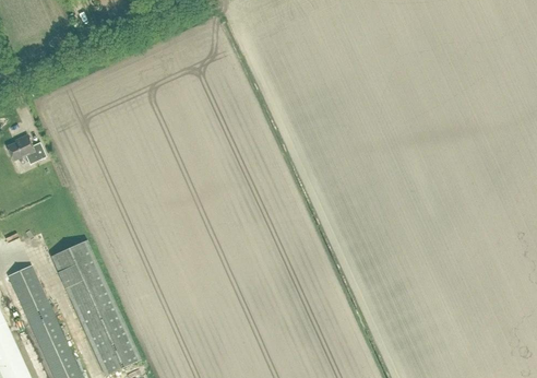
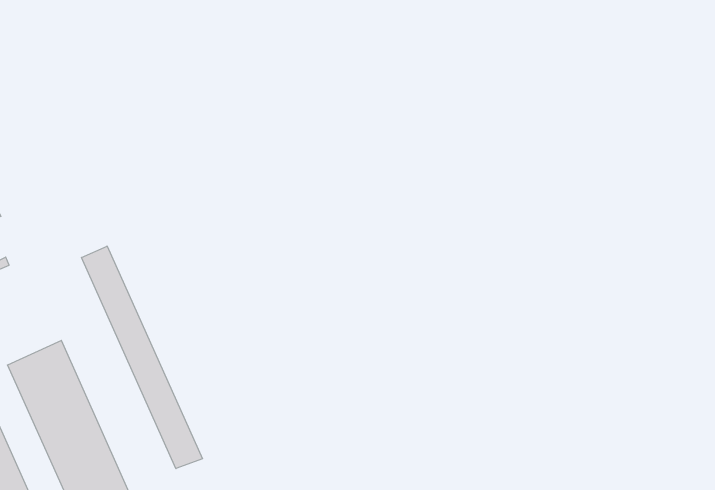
building: none -> [82,246,203,469]

